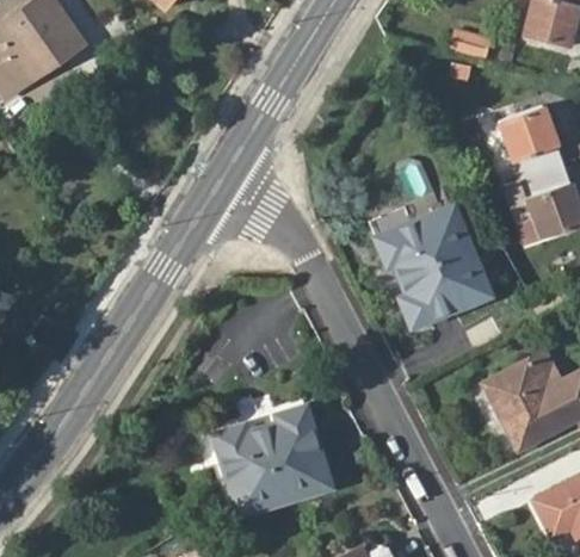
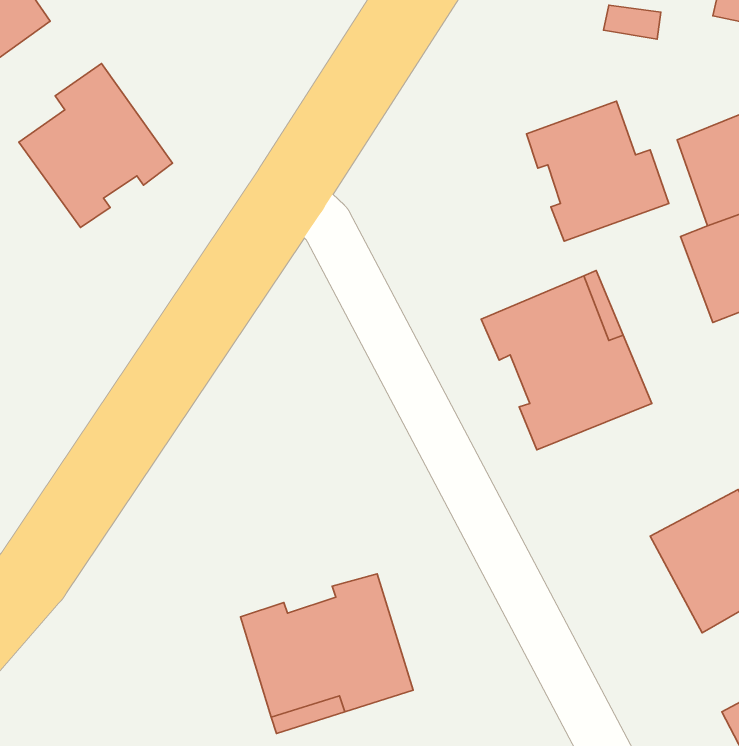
building: none -> [19,64,172,227]
building: none -> [527,101,669,241]

